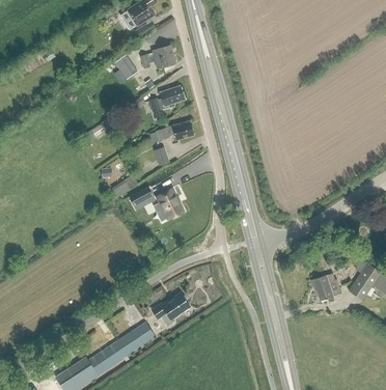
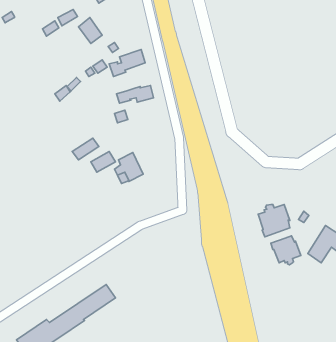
building: [140,45,175,67] -> none
building: none -> [258,204,290,237]
building: [161,291,190,326] -> none

